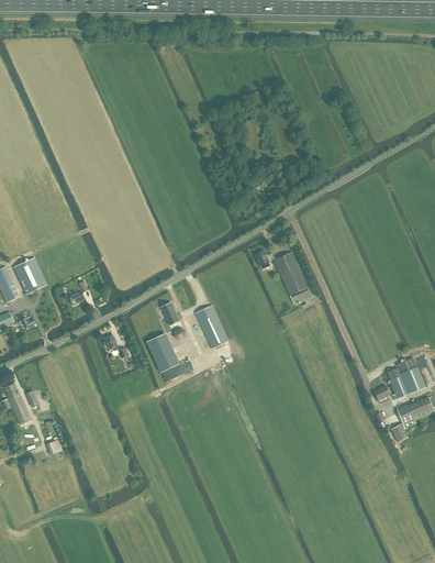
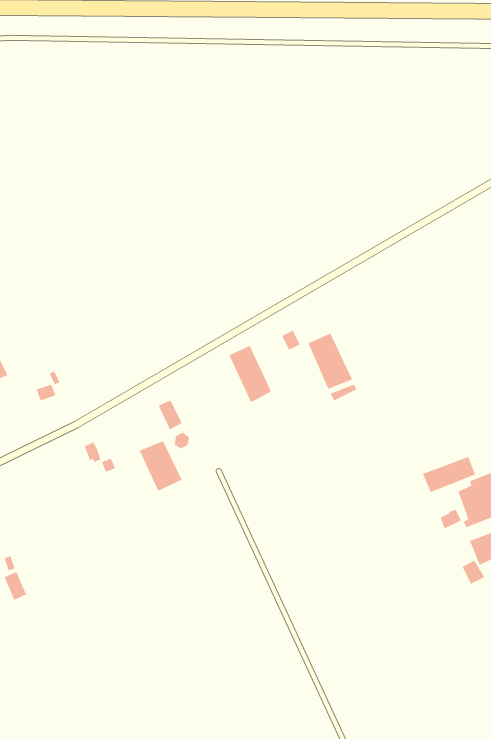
building: [194,305,227,347] -> [228,345,272,402]
building: none -> [422,456,476,493]

